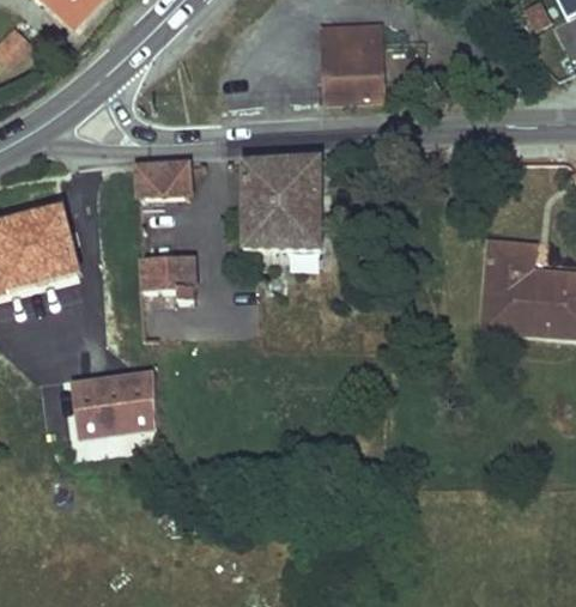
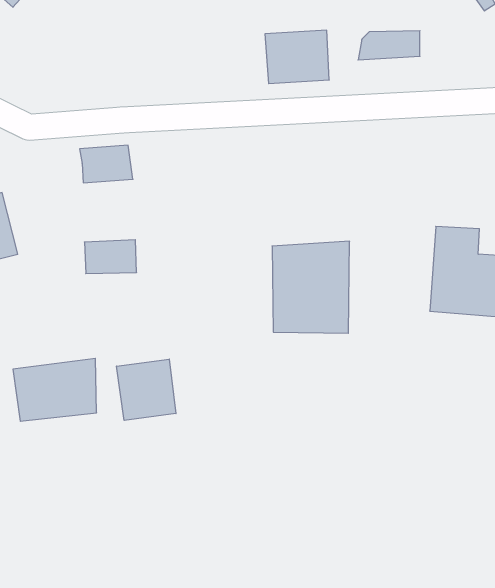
building: [321,24,382,53] -> [358,31,420,60]
building: [244,156,321,247] -> [272,241,350,333]
building: none -> [117,359,176,420]

